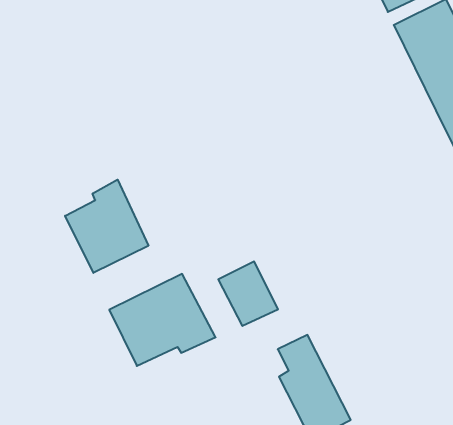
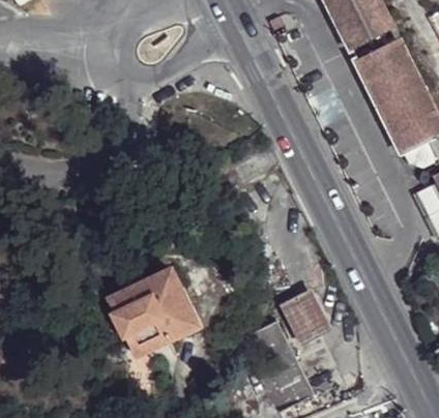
building: [65,180,148,273] -> none
building: [218,261,278,326] -> [280,290,331,346]

